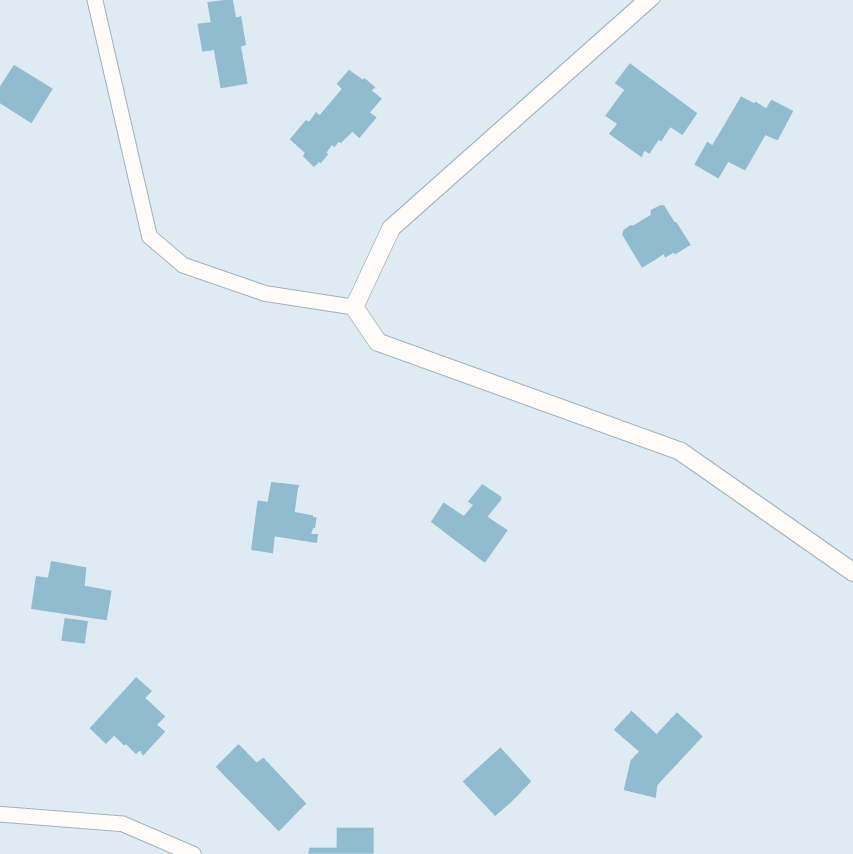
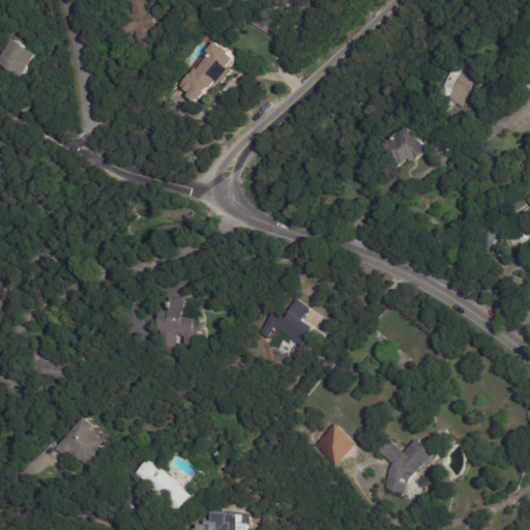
building: [604,62,698,158] -> none
building: [462,746,532,817] -> [312,422,355,466]

